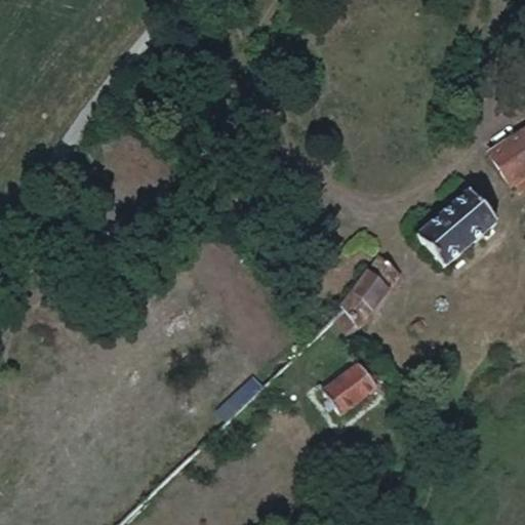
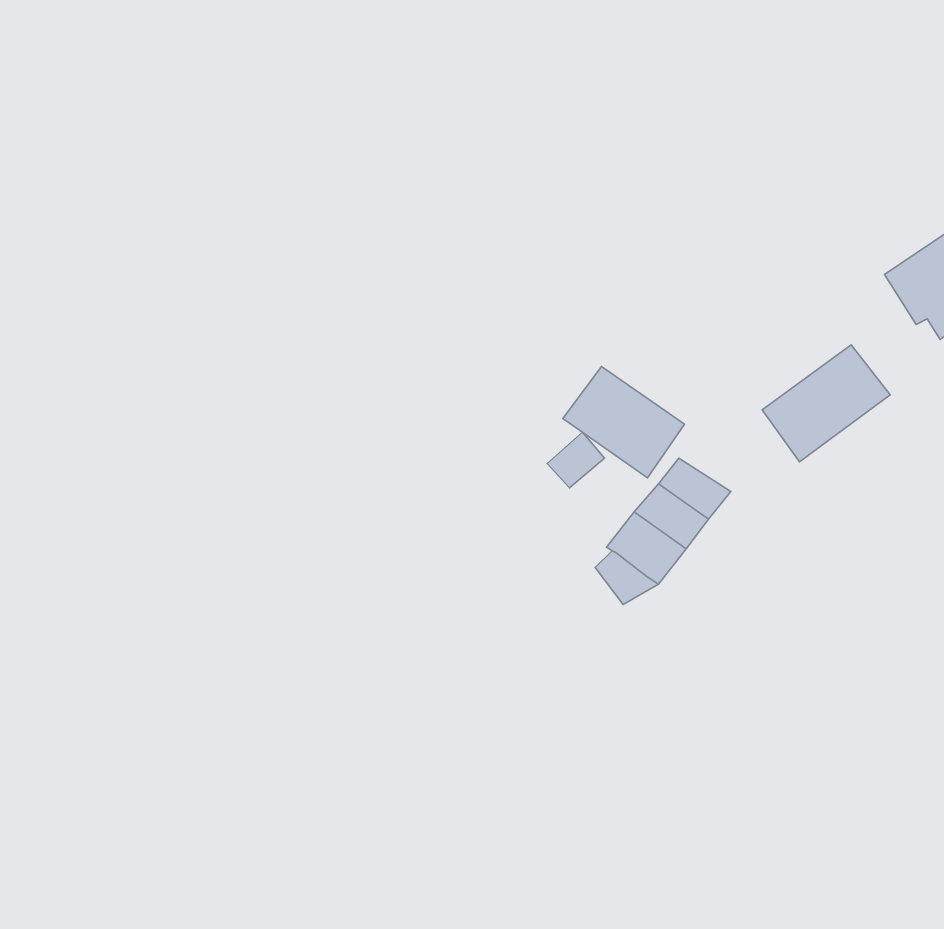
building: none -> [563,366,684,478]
building: [320,366,373,414] -> none

